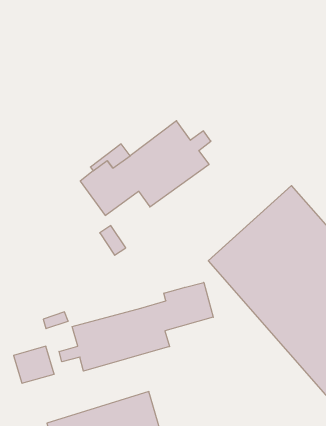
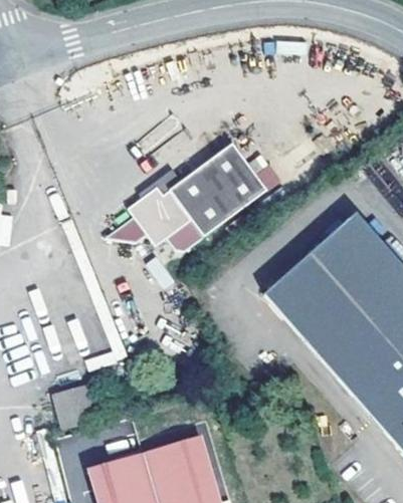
building: [59,282,213,371] -> none

